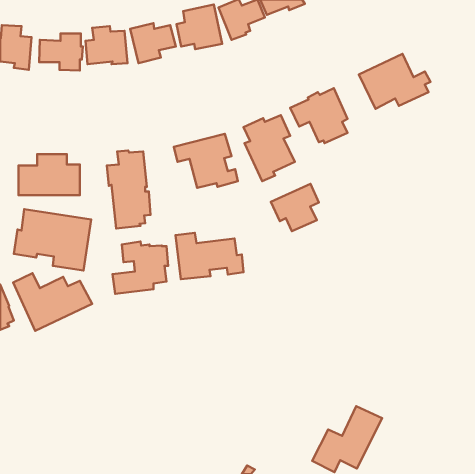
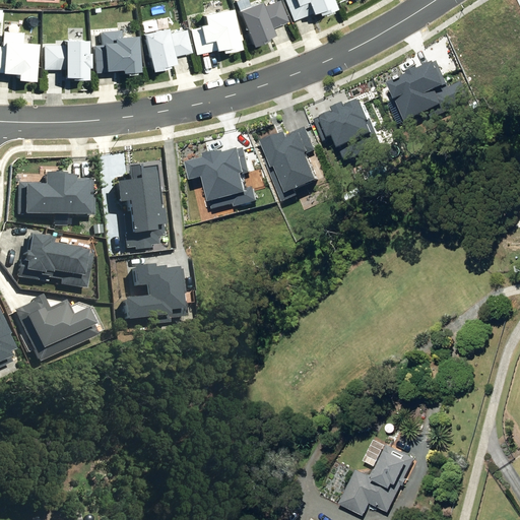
building: [271,184,319,231] -> none
building: [175,233,243,279] -> none

